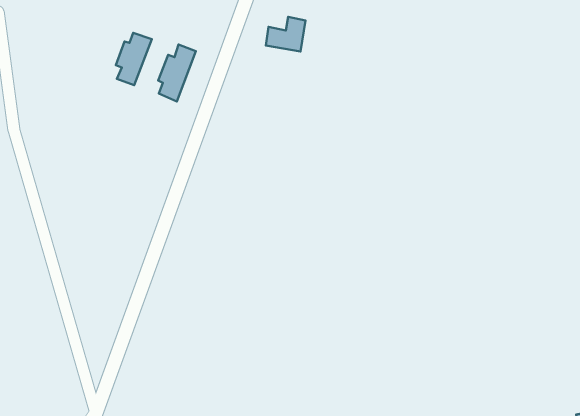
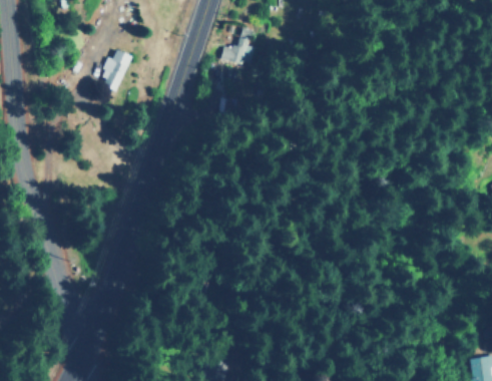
building: [158,44,196,101] -> none

